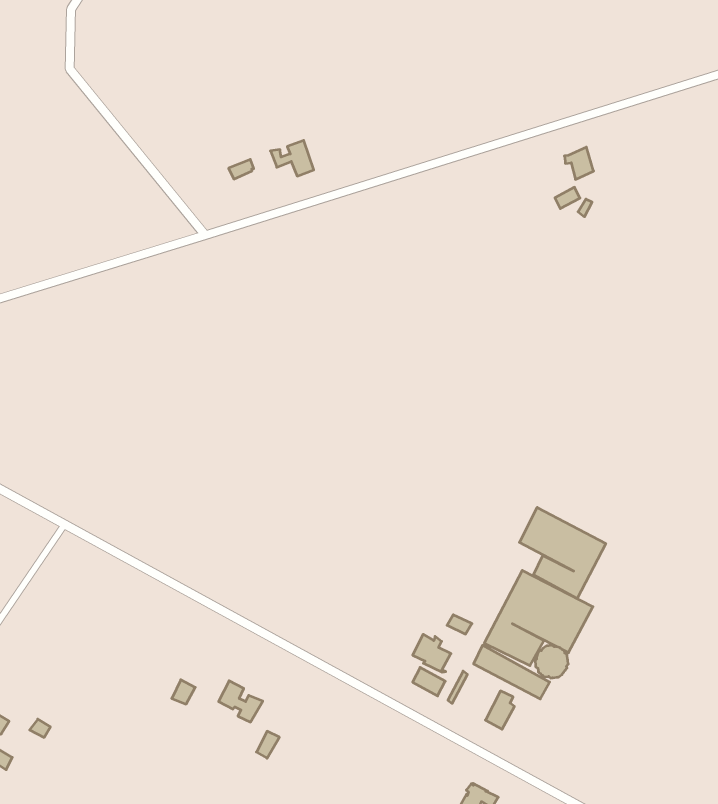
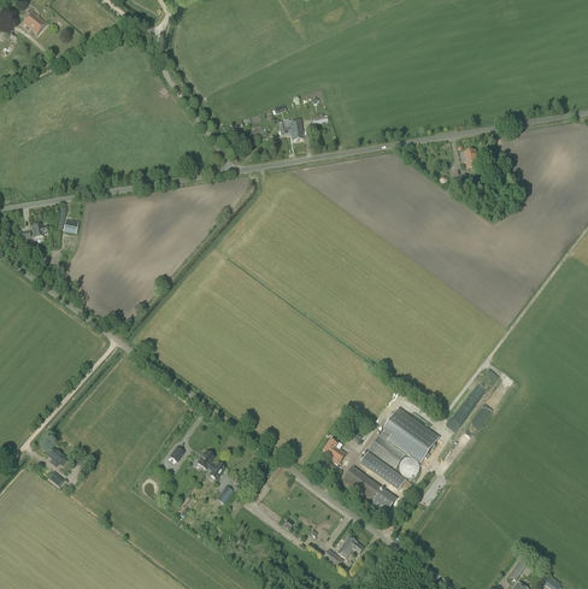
building: [519,507,606,598] -> none

